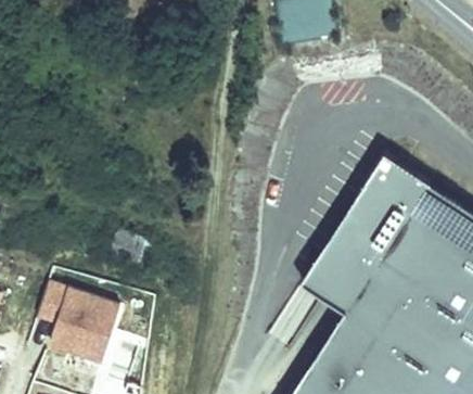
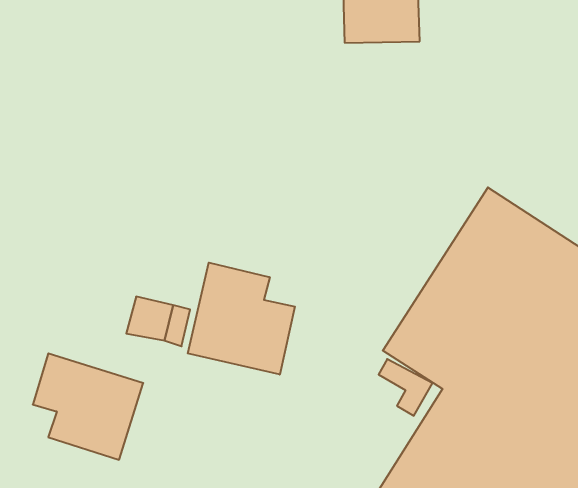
building: none -> [188,263,295,375]

